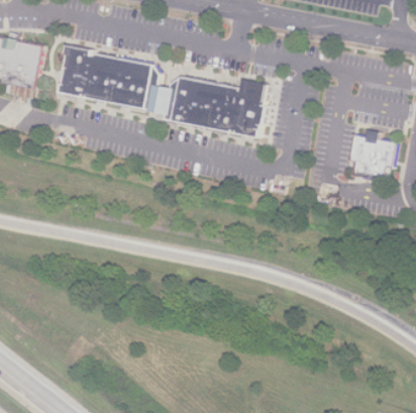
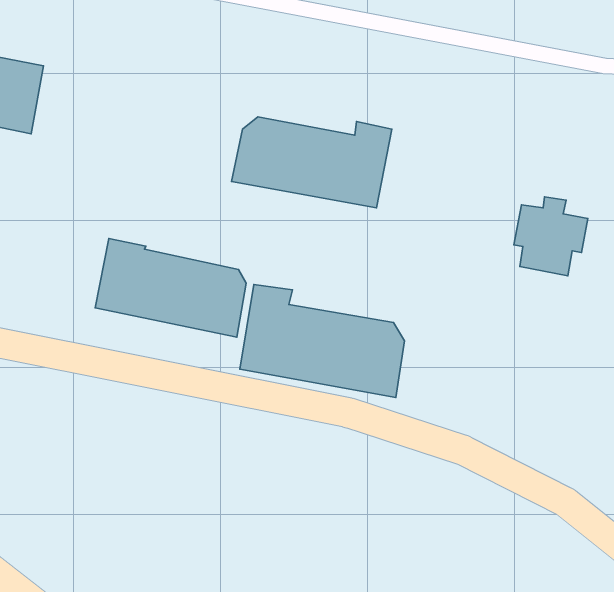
building: [60,45,159,110] -> [95,238,246,337]
building: none -> [240,284,405,398]

